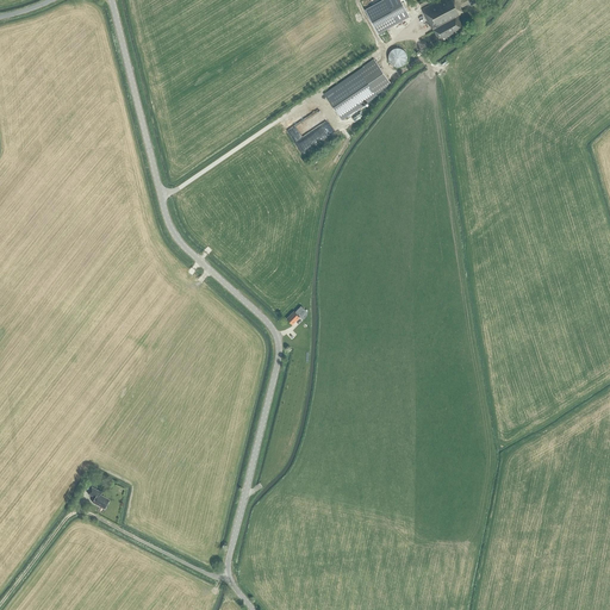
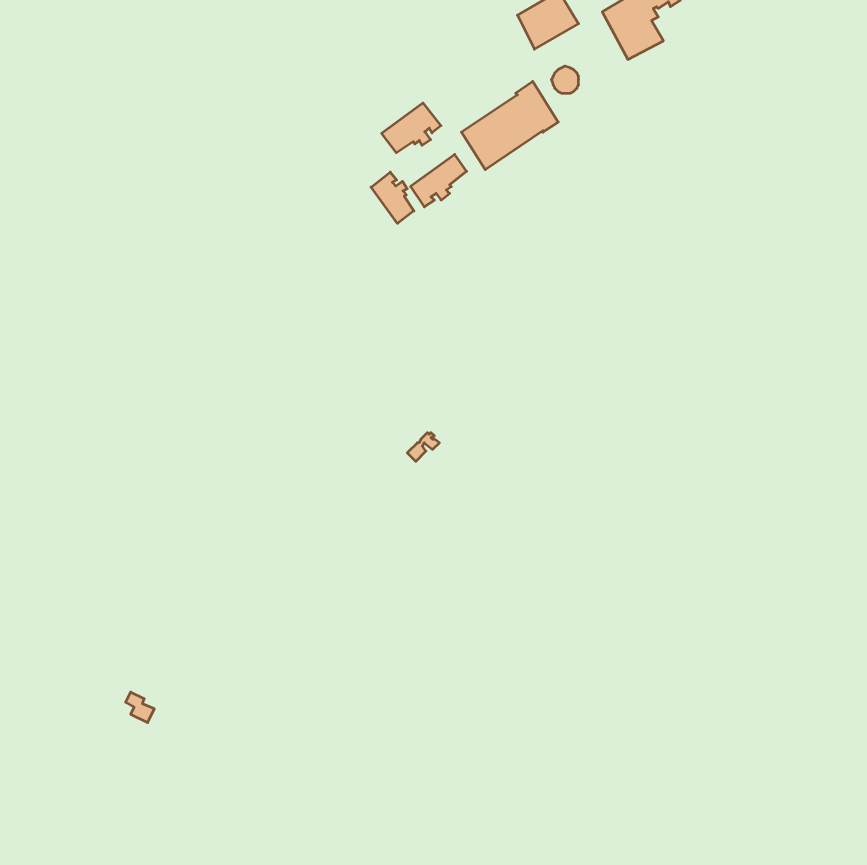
building: none -> [382,103,441,153]
building: none -> [371,172,414,223]

